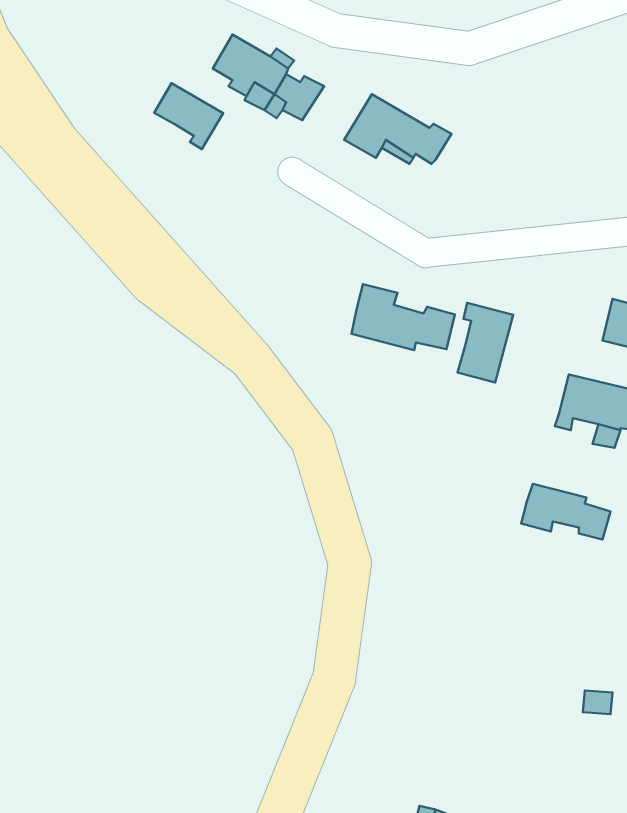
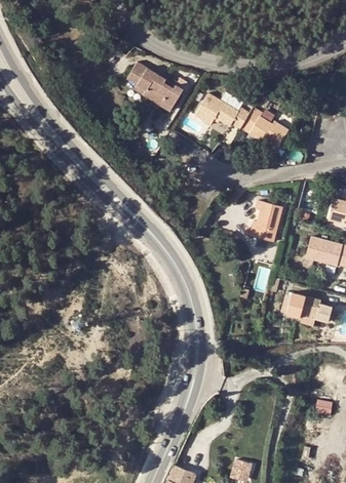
building: [154,83,223,149] -> none
building: none -> [241,108,289,147]
building: [352,284,455,350] -> none

